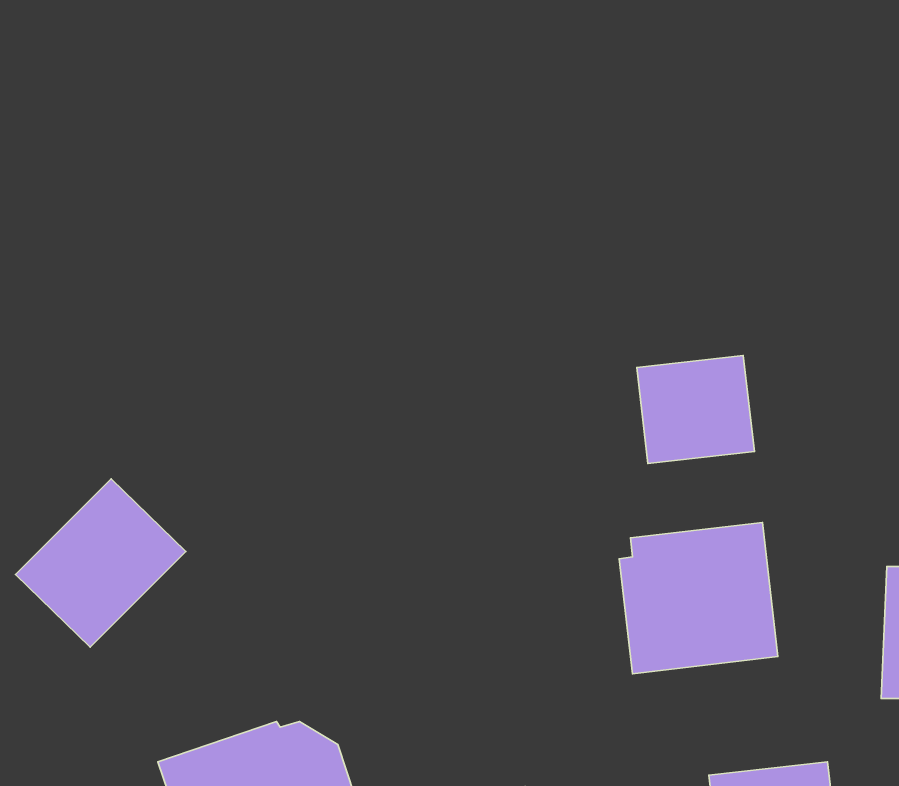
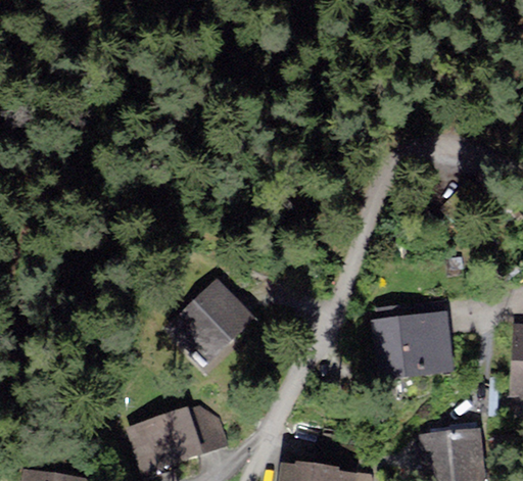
building: [637,355,754,463] -> none
building: [15,479,186,647] -> [165,279,256,369]

